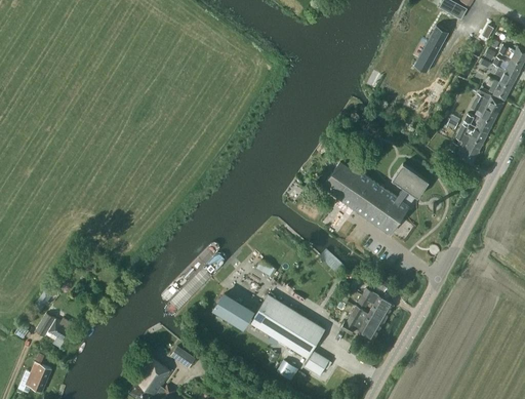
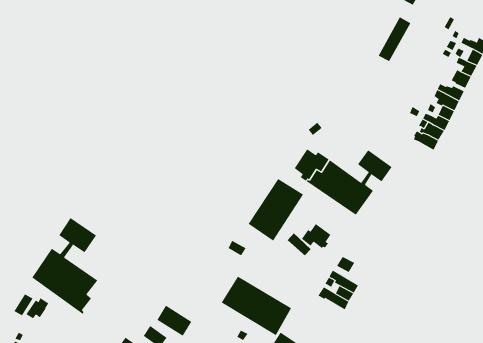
building: none -> [248,178,304,241]
building: none -> [31,217,98,315]
building: none -> [301,223,331,249]
building: [214,293,251,326] -> [157,305,192,336]
building: [340,315,379,338] -> none

